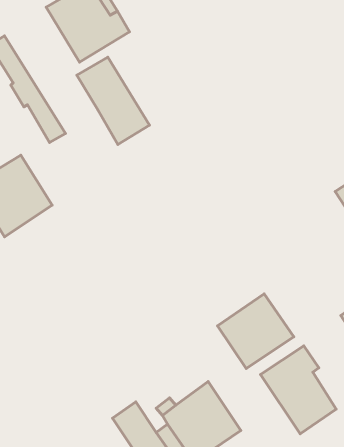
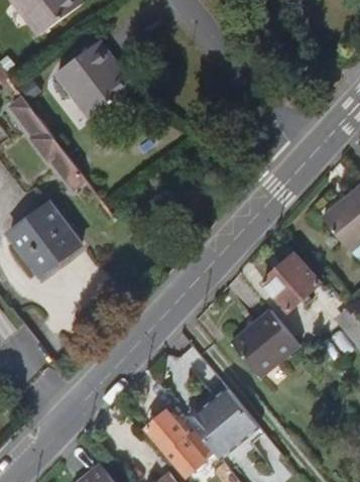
building: [77,57,149,144] -> none
building: none -> [263,253,322,310]
building: [261,346,336,434] -> none

